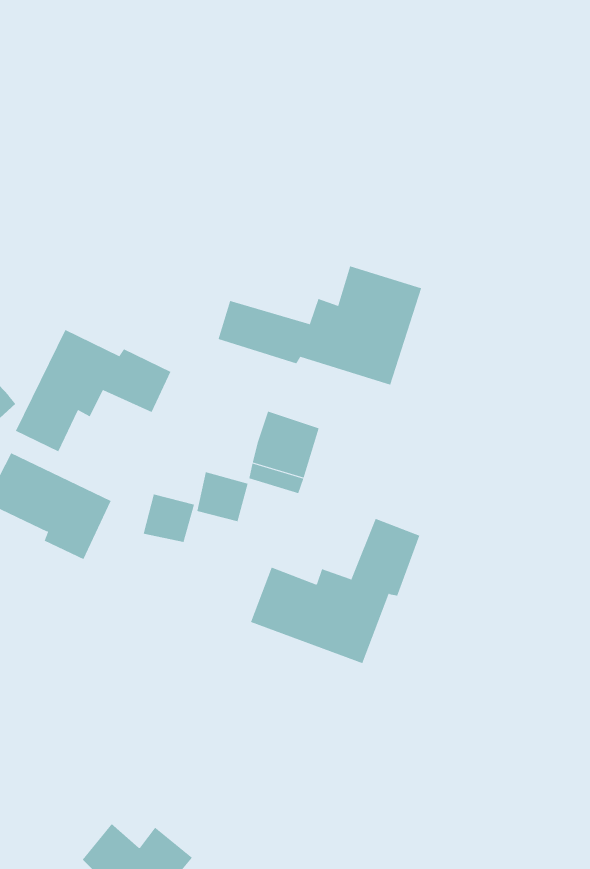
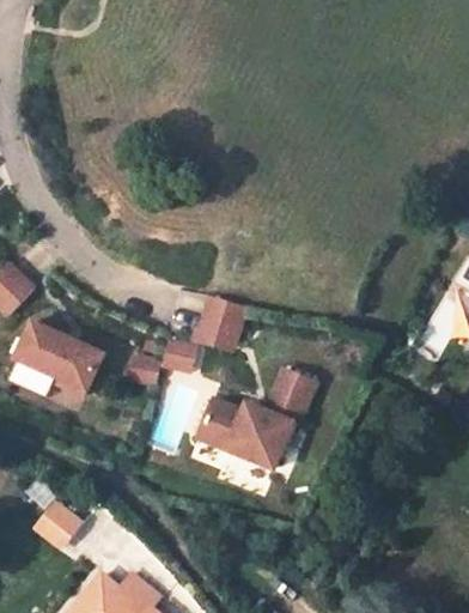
building: [218,266,422,385] -> none
building: [15,329,171,452] -> none
building: none -> [32,503,79,550]

